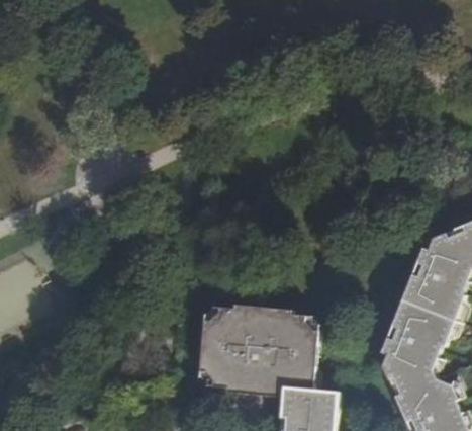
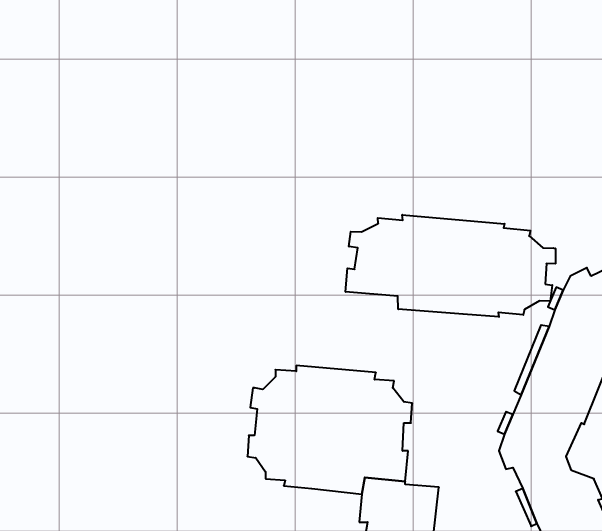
building: none -> [346,215,555,317]

